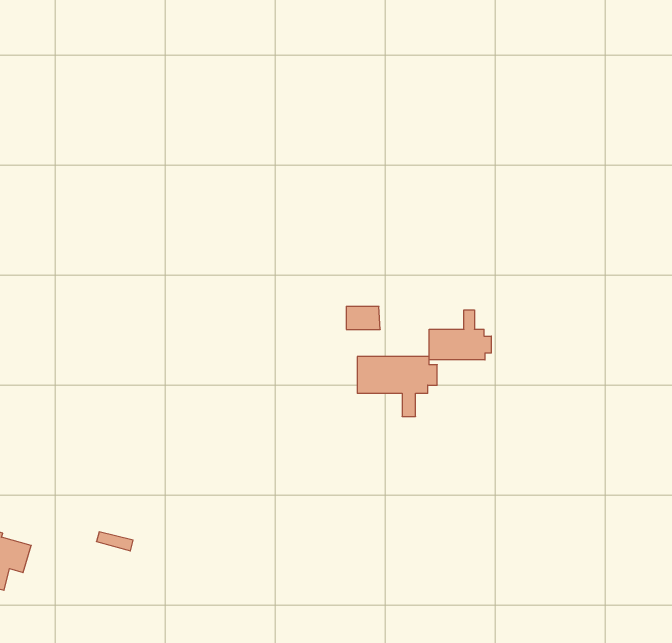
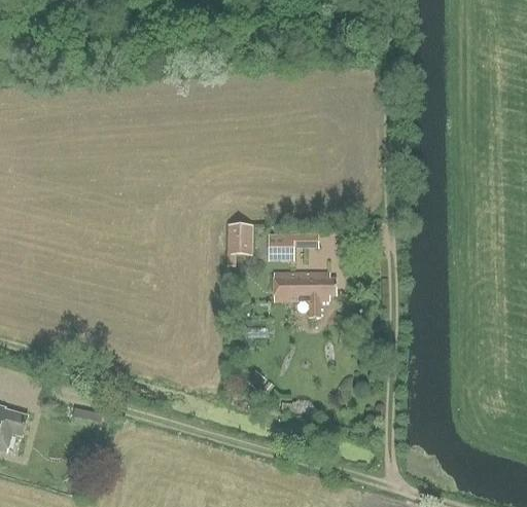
building: none -> [227,224,251,265]
building: [429,310,491,360] -> none

